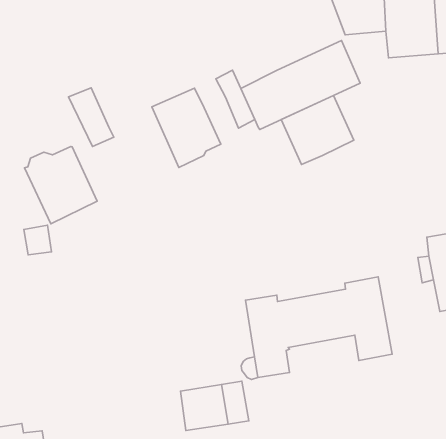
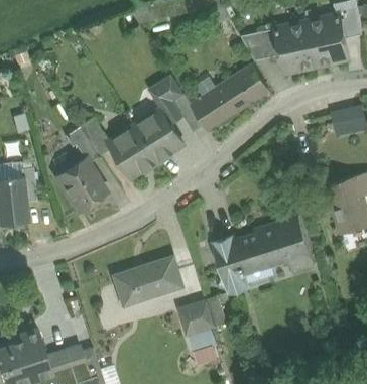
building: none -> [148,74,185,121]
building: [281,96,354,164] -> none
building: none -> [66,126,100,163]
building: none -> [109,125,158,177]
building: none -> [113,256,185,305]

